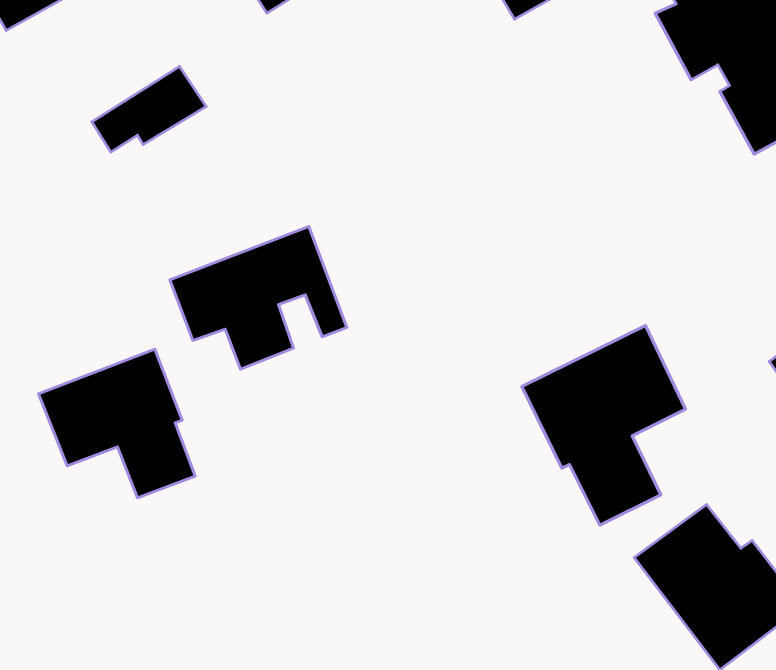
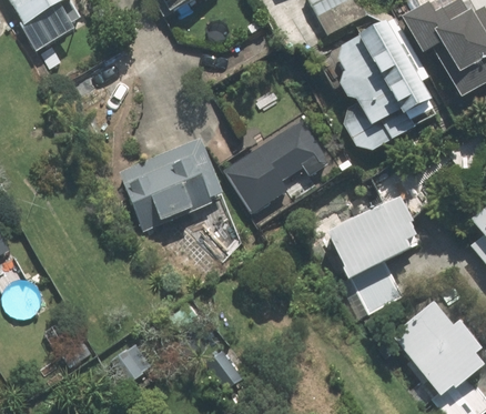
building: none -> [328,19,433,125]
building: none -> [226,115,325,212]
building: [38,349,195,498] -> none

